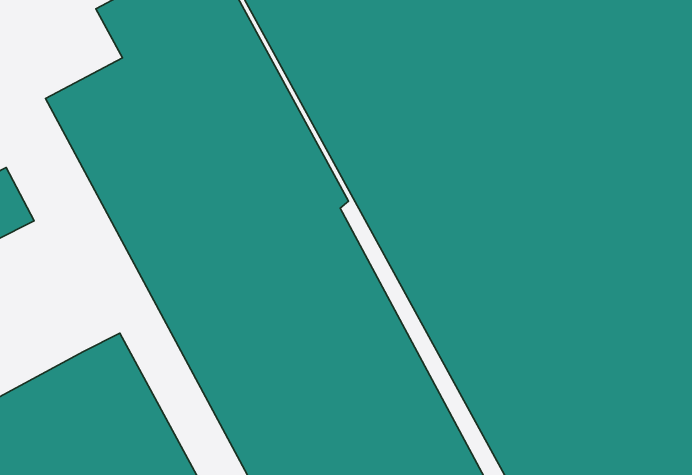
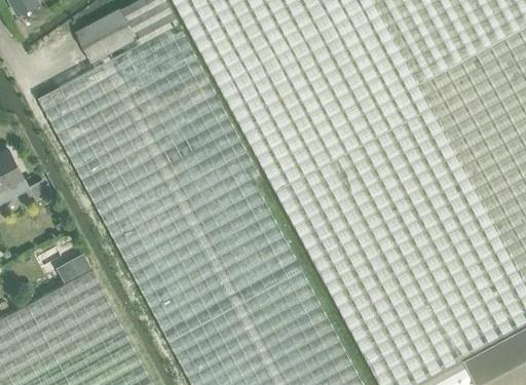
building: none -> [57,254,91,283]

